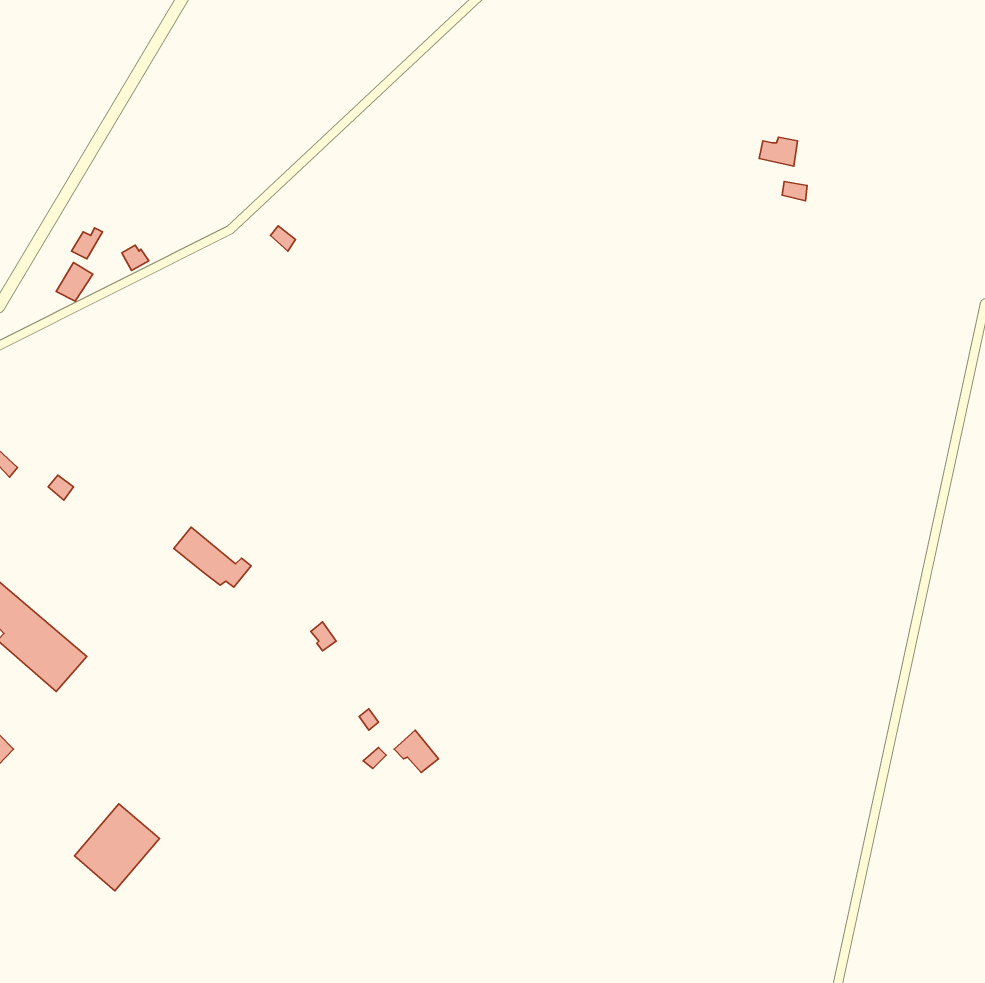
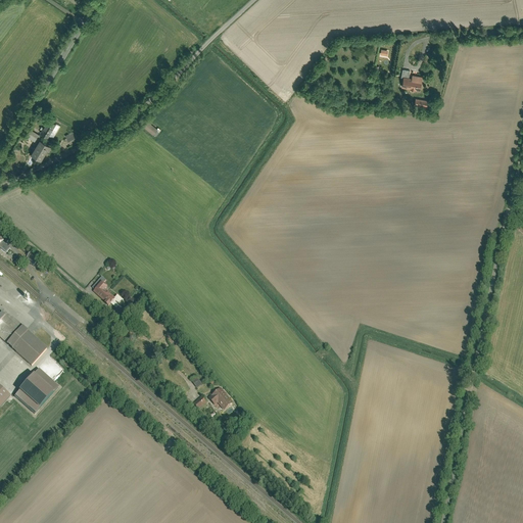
building: [74,804,159,891] -> [12,369,57,415]

